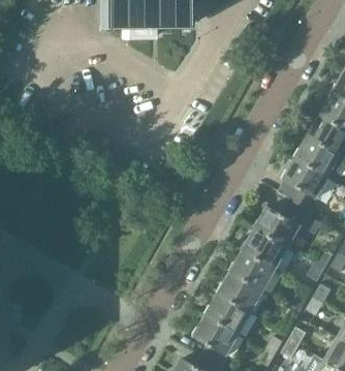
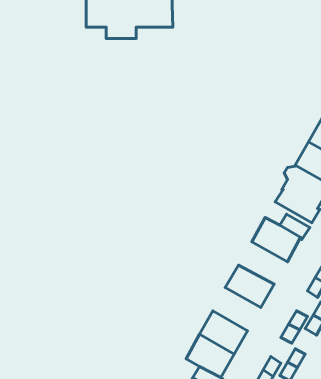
building: [244,227,289,267] -> none
building: [220,270,264,310] -> none

